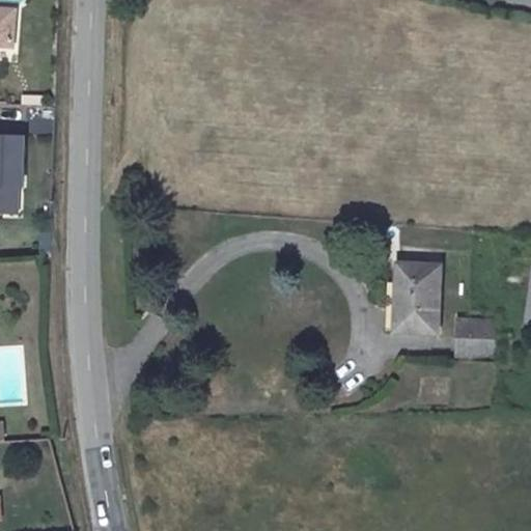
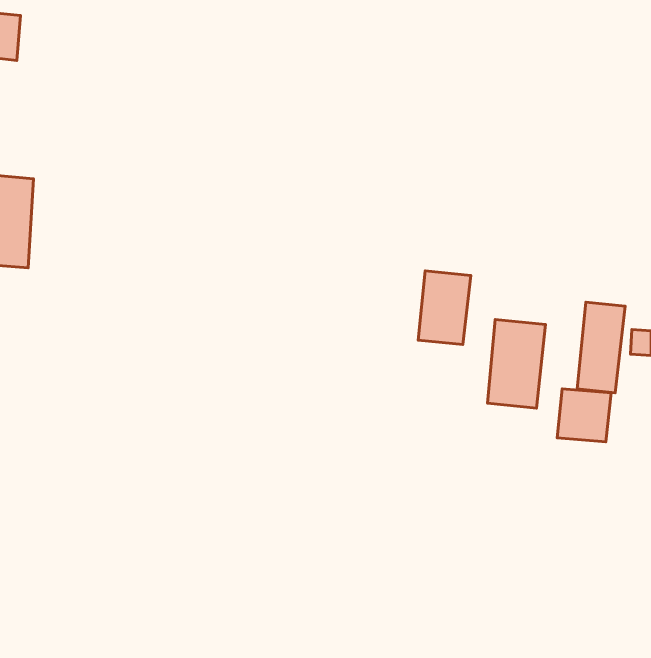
building: none -> [418,271,471,345]
building: none -> [577,302,625,393]

